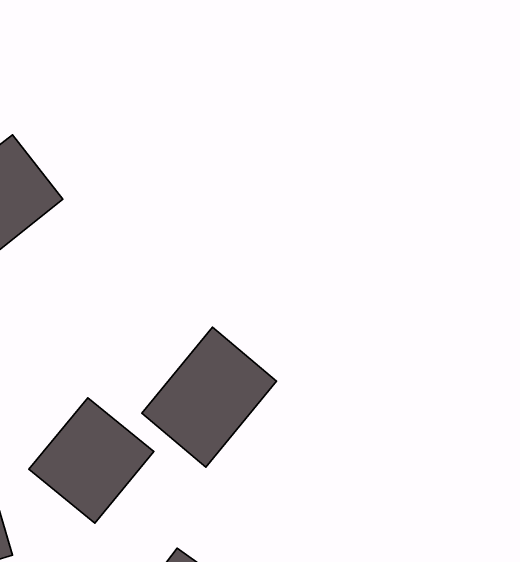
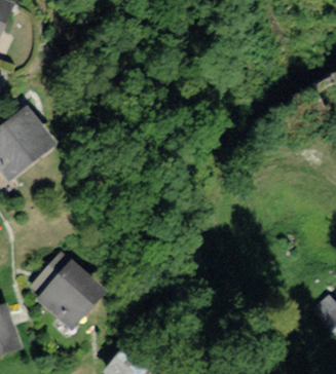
building: [142,327,277,467] -> none

